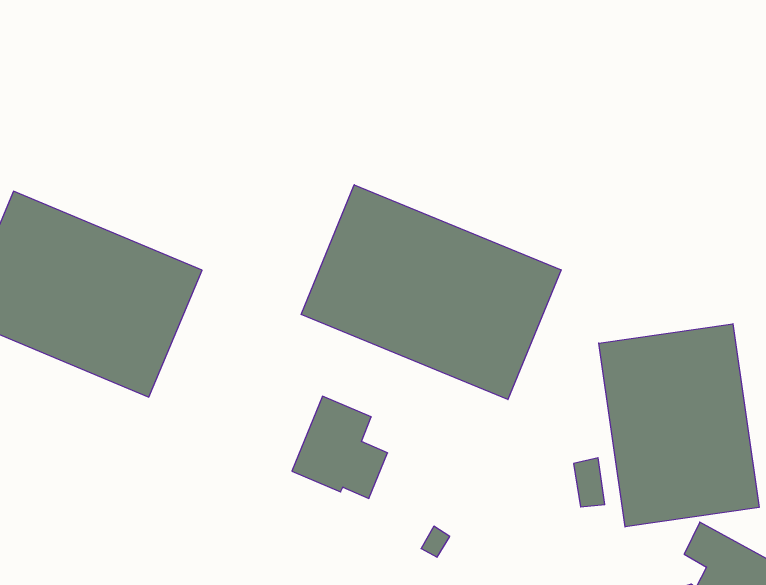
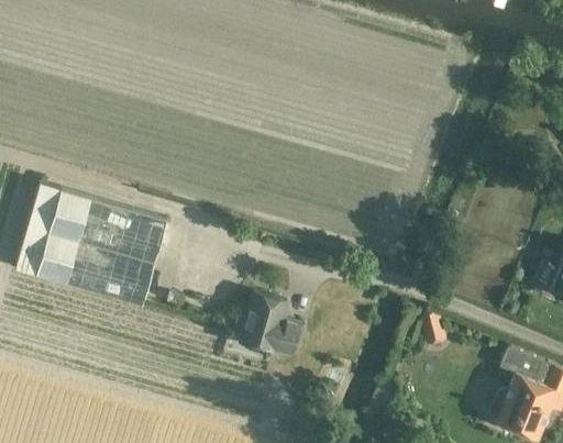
building: [301,185,561,400] -> none
building: [599,324,759,527] -> none

